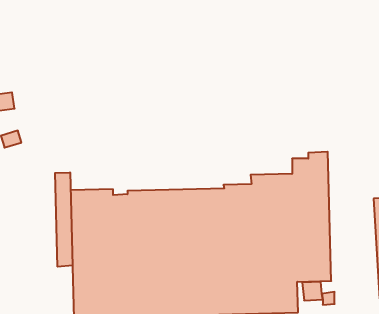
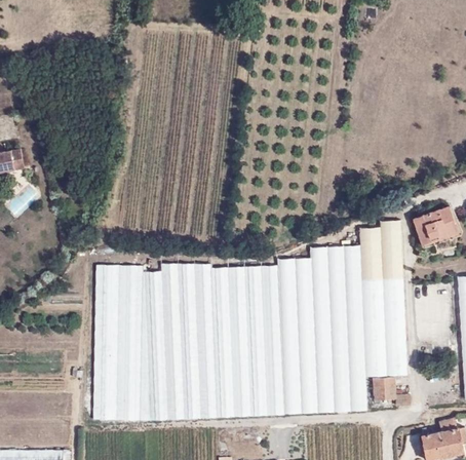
building: none -> [412,205,458,247]
building: [55,172,73,267] -> none

